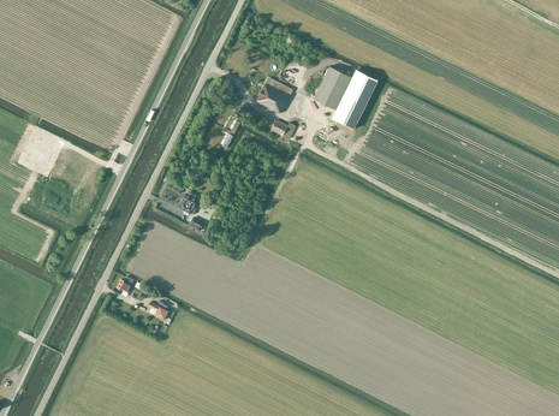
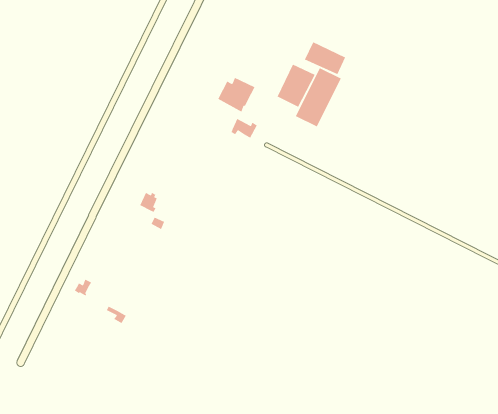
building: none -> [304,41,346,75]

